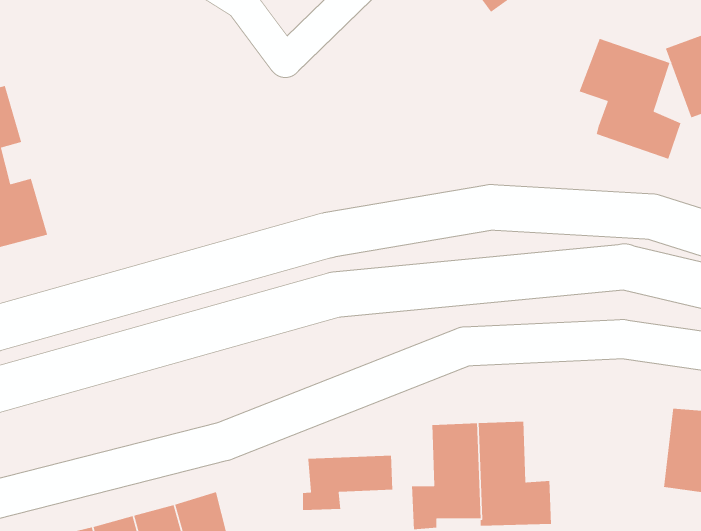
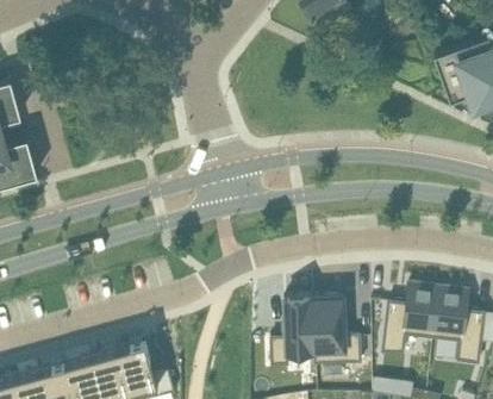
building: [579,38,682,160] -> none
building: none -> [381,282,438,354]
building: [302,455,393,511] -> none

